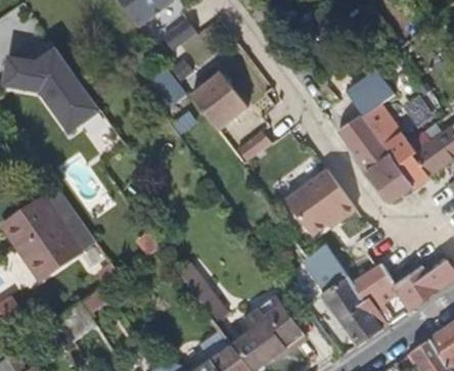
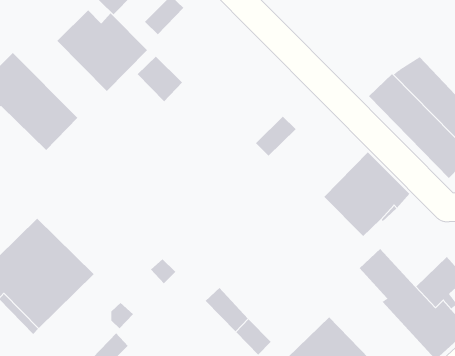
building: none -> [56,9,148,92]
building: [349,72,393,110] -> none
building: [193,78,249,136] -> none

